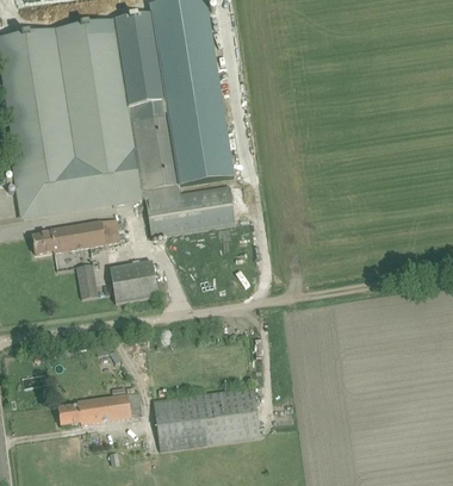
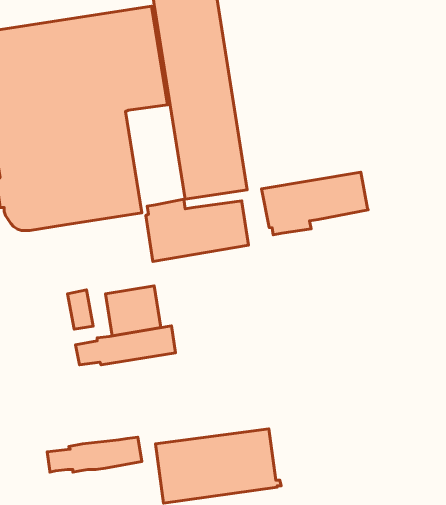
building: [129,100,178,189] -> none
building: none -> [261,172,368,235]
building: [31,218,119,253] -> [75,326,175,365]

